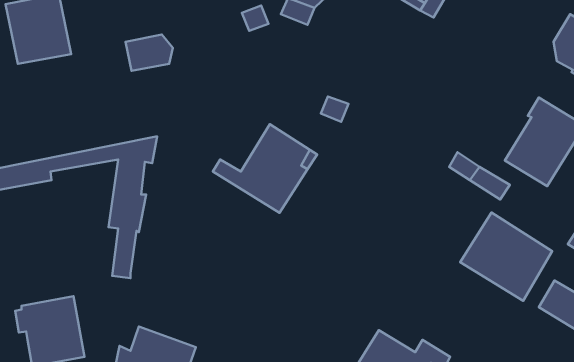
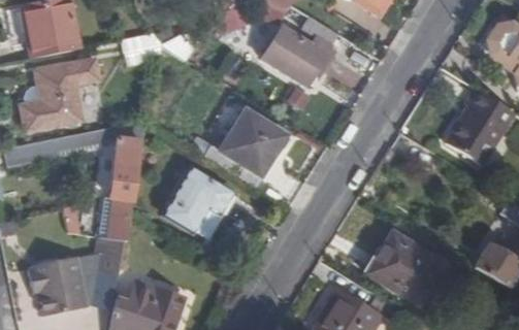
building: none -> [261,26,332,87]
building: none -> [22,60,100,131]
building: none -> [164,167,232,232]
building: [460,212,552,301] -> [366,229,445,304]
building: none -> [95,237,127,306]

